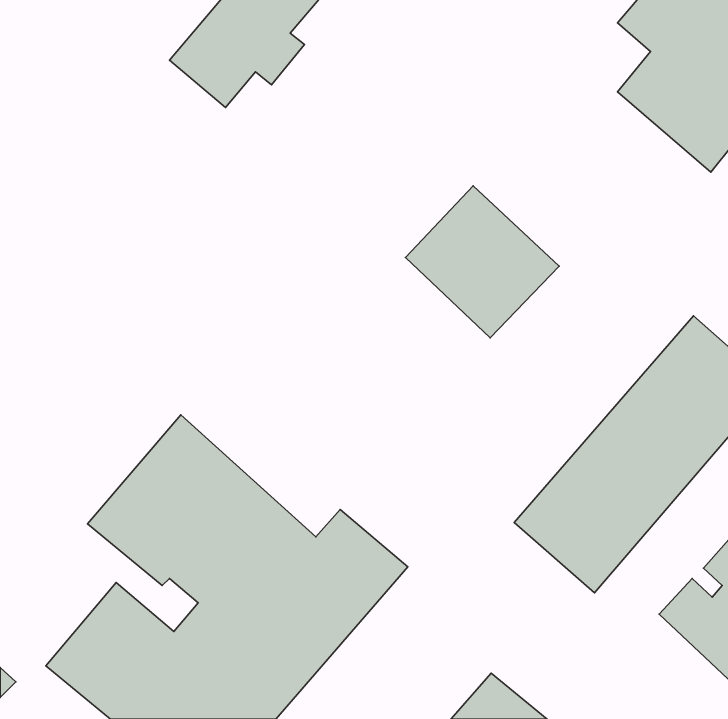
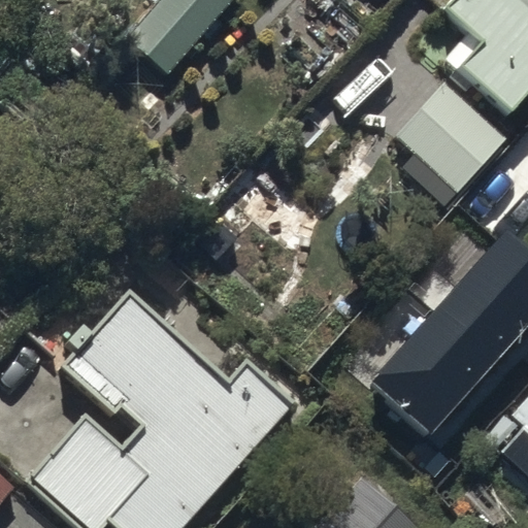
building: [406,186,559,338] -> [396,84,506,193]

